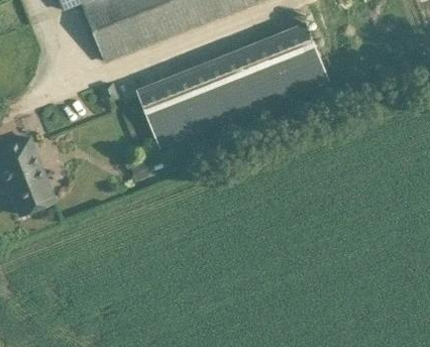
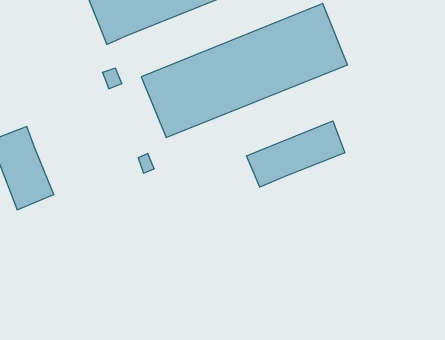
building: none -> [247,121,345,187]

